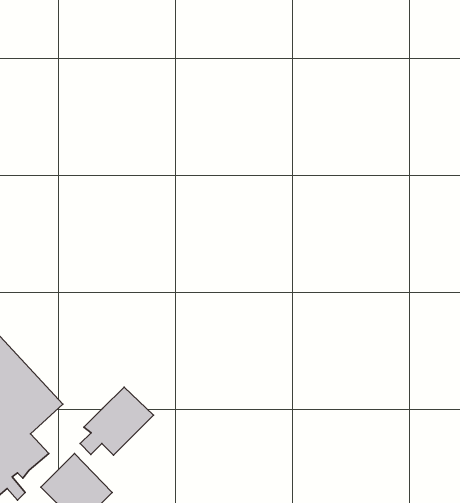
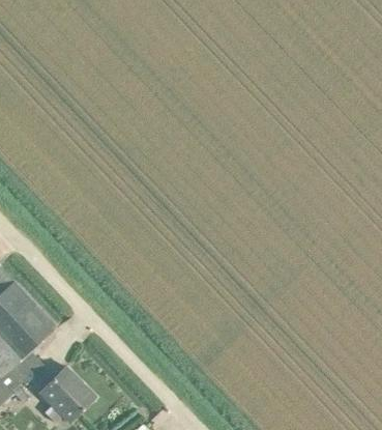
building: [80,387,154,455] -> none

